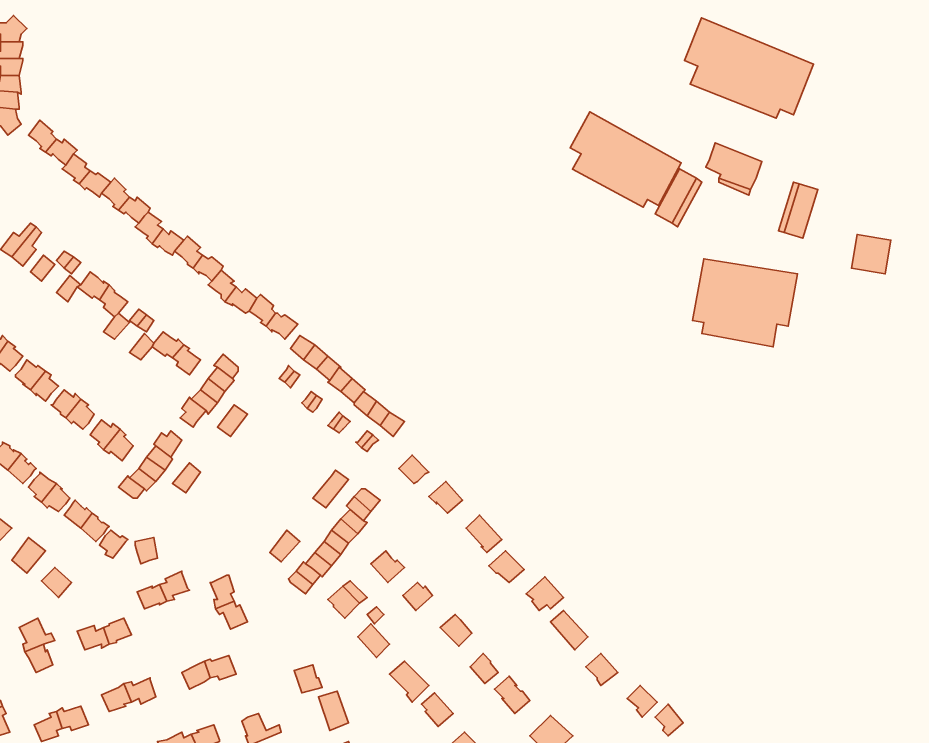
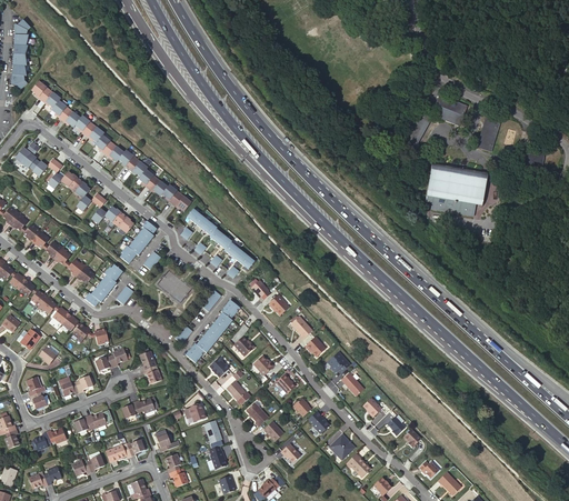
building: [684,18,813,118] -> none
building: [570,112,681,207] -> none

